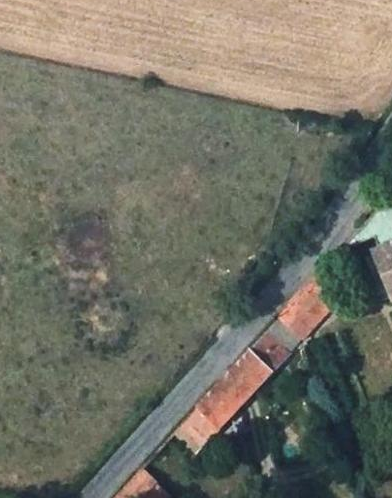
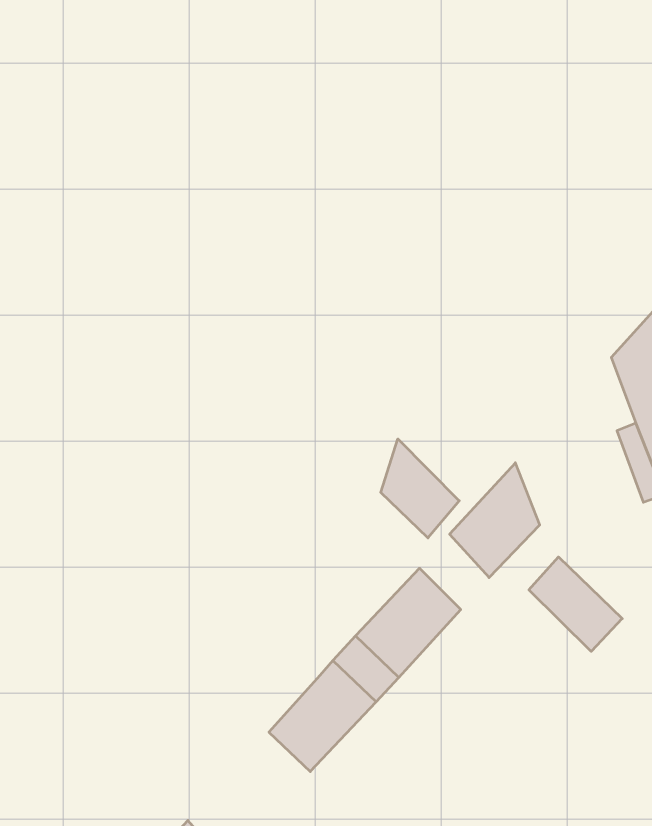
building: none -> [381,439,459,538]
building: none -> [529,557,622,651]

